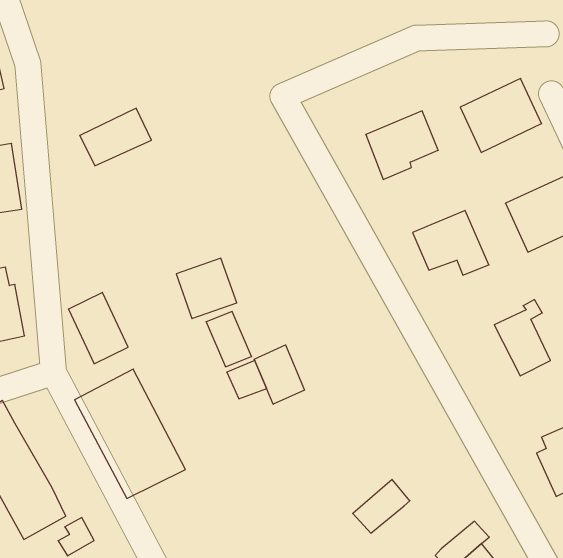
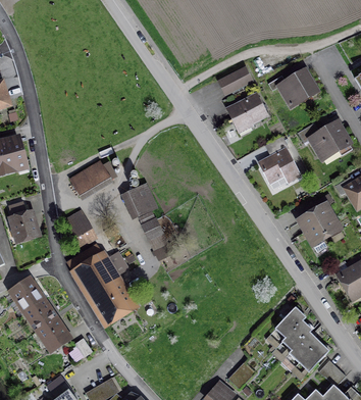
building: none -> [215,64,250,93]
building: [80,108,151,166] -> [68,162,109,197]
building: none -> [291,208,322,244]
building: [254,345,304,404] -> none
building: [353,479,410,533] -> [275,306,307,338]

